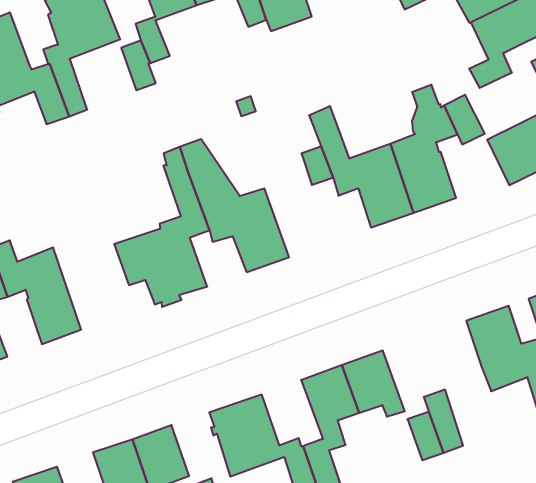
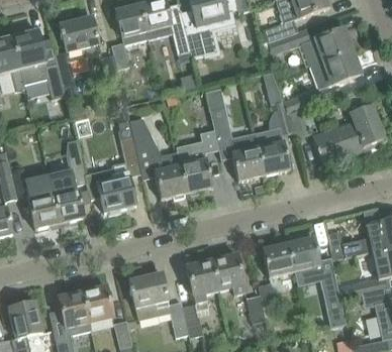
building: none -> [177,147,213,193]
building: none -> [47,151,86,222]
building: none -> [262,242,294,276]

